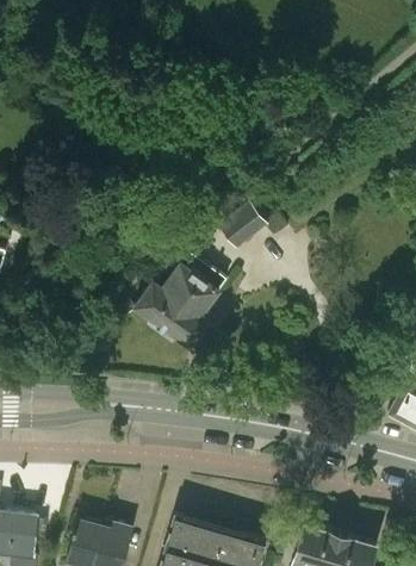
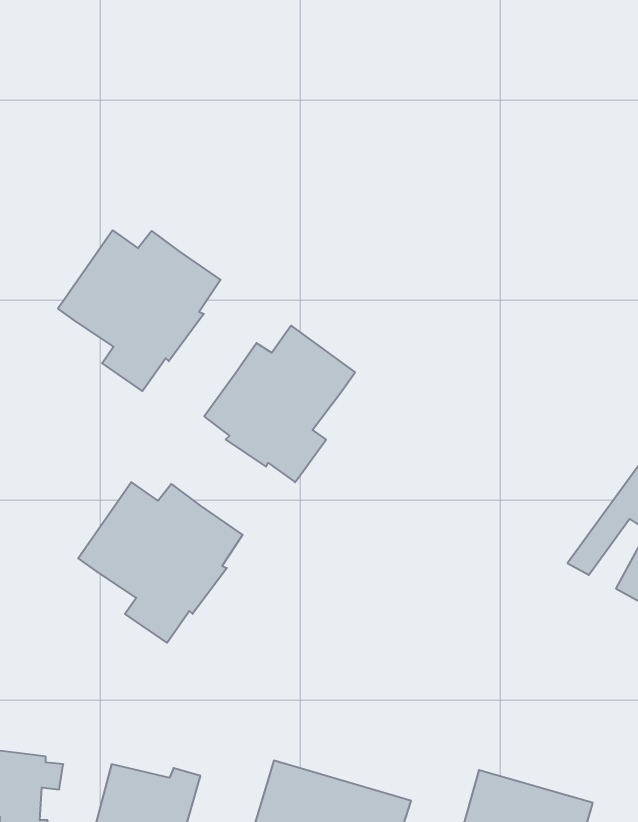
building: none -> [58,230,221,391]
building: [218,201,269,250] -> none
building: none -> [78,482,243,643]

